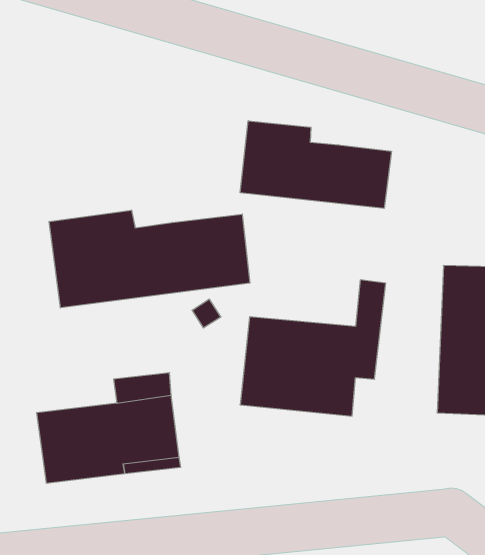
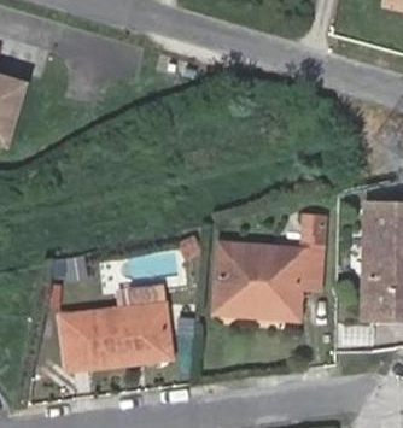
building: [240,121,391,208] -> none
building: [49,210,250,308] -> none

